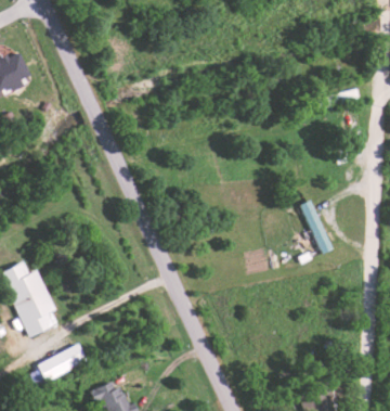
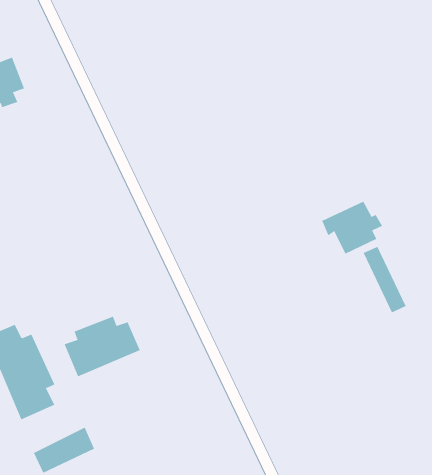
building: none -> [322,201,383,254]
building: none -> [64,316,141,377]

